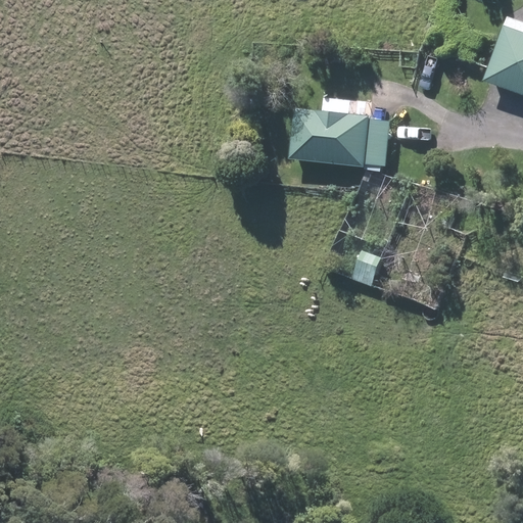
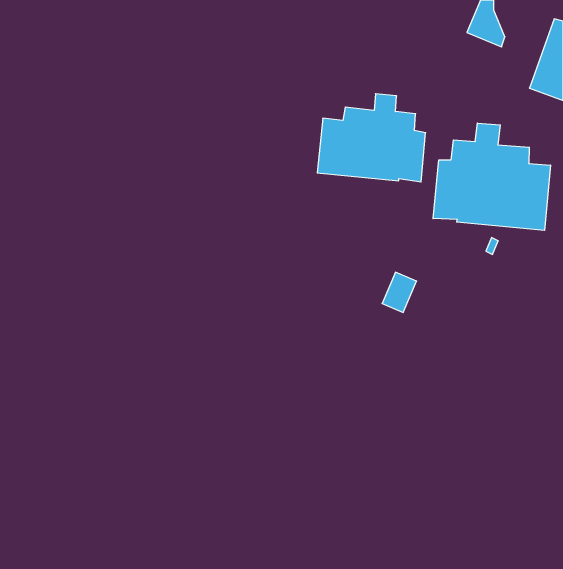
building: none -> [433,123,550,230]

